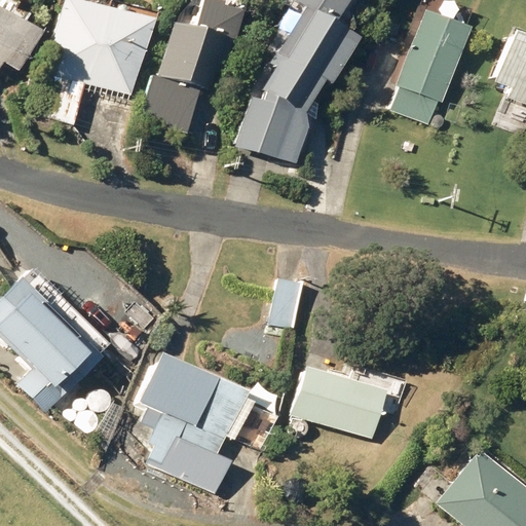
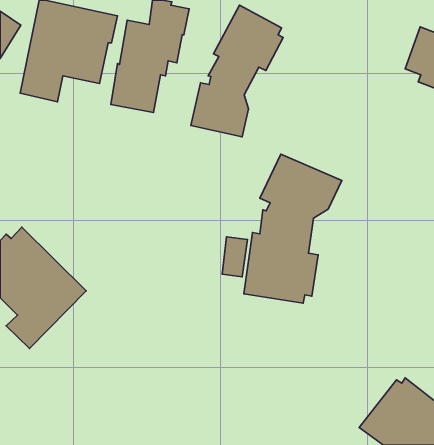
building: [396,10,472,124] -> none
building: none -> [244,154,342,303]
building: [138,355,250,493] -> none
building: [291,367,390,438] -> none

